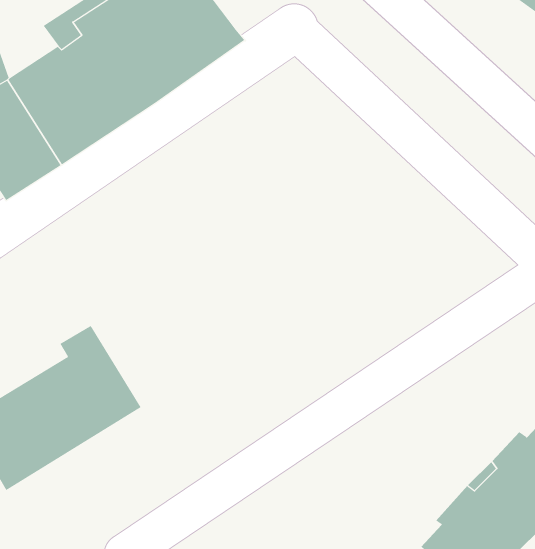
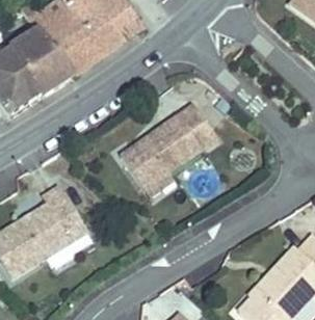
building: none -> [122,107,219,189]

